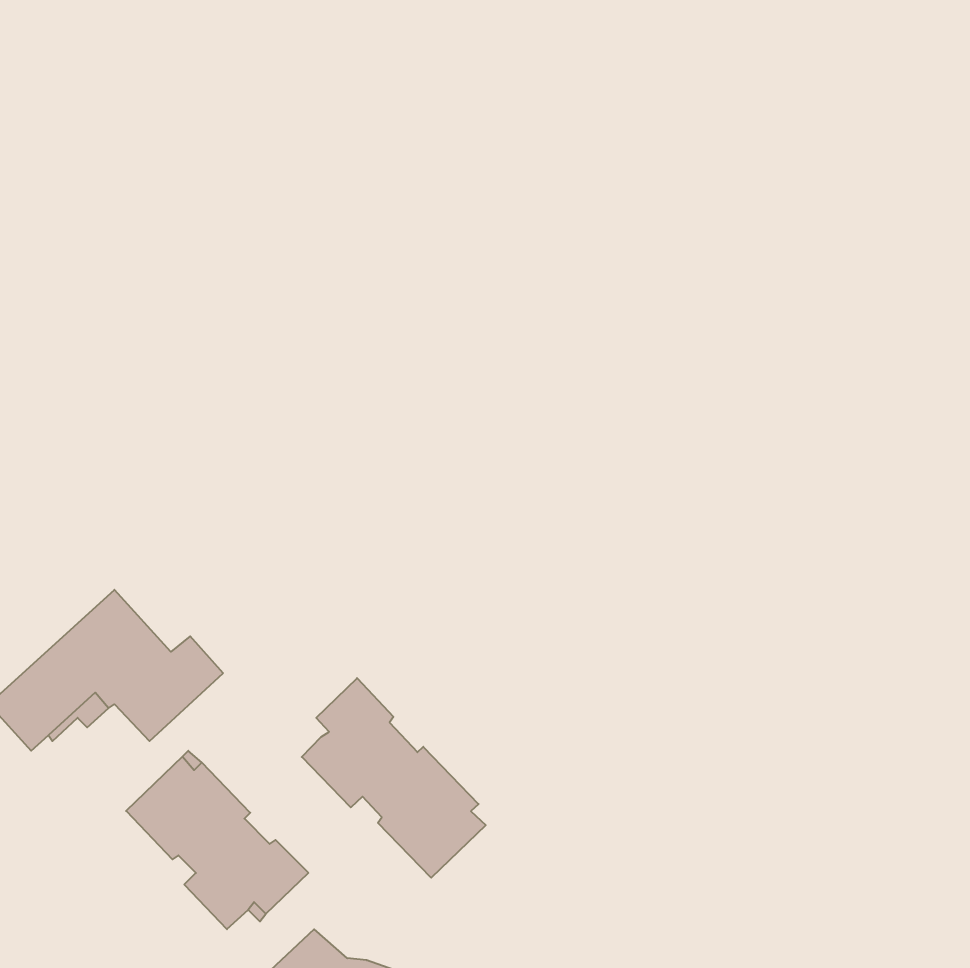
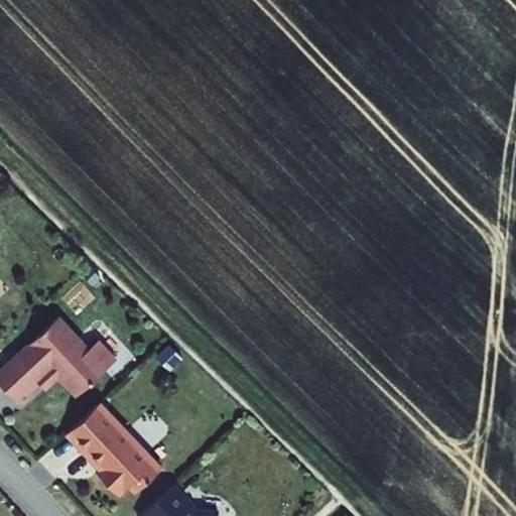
building: [302,678,486,878] -> none

